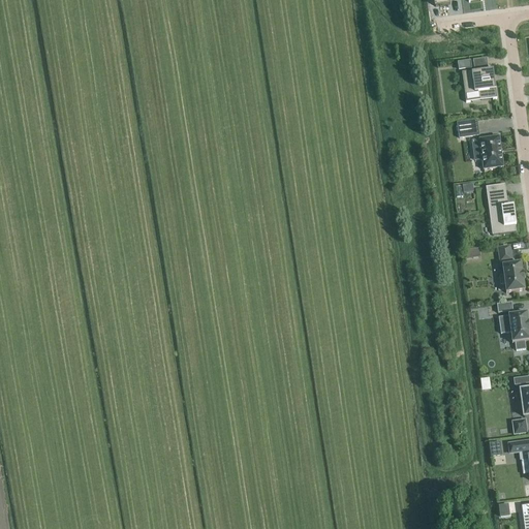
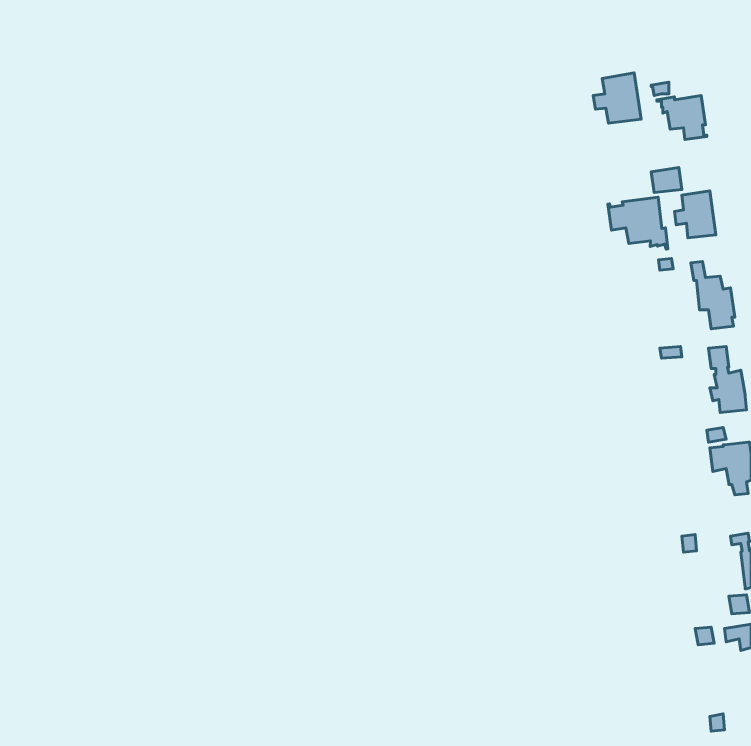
building: none -> [593,73,641,123]
building: none -> [608,197,668,249]

